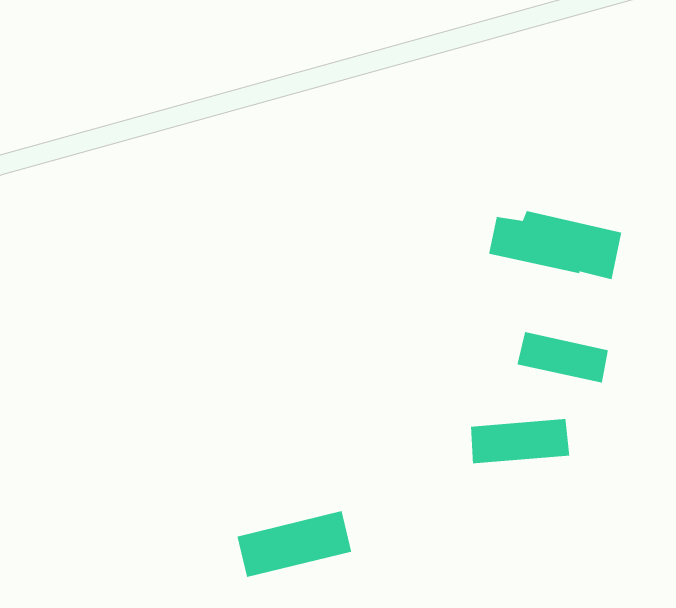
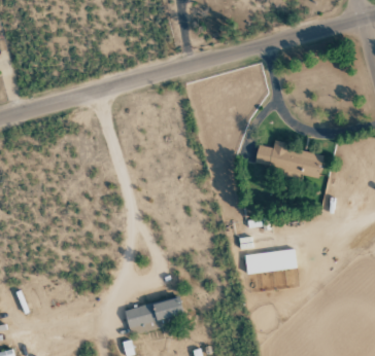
building: [516,331,609,384] -> none

